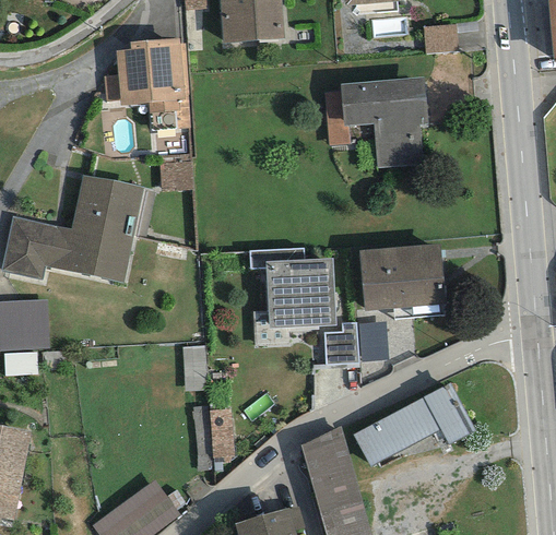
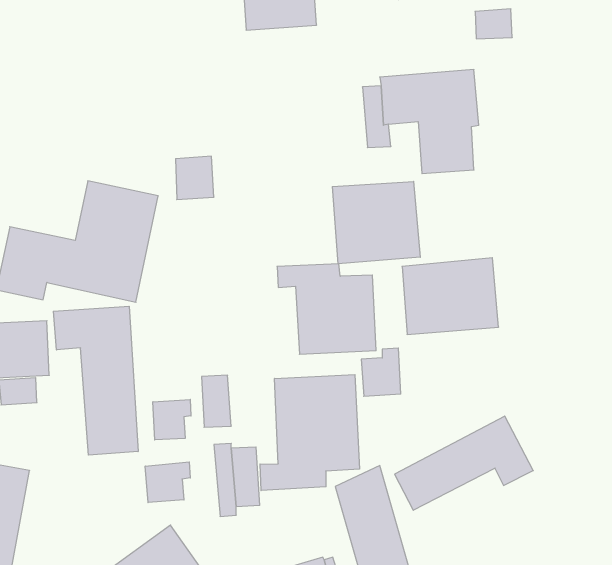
building: [116,38,190,131] -> none
building: none -> [332,181,420,264]
building: none -> [53,306,138,455]
building: [358,322,389,362] -> none
building: none -> [260,375,359,491]
building: none -> [153,399,191,440]
building: none -> [145,462,190,503]

